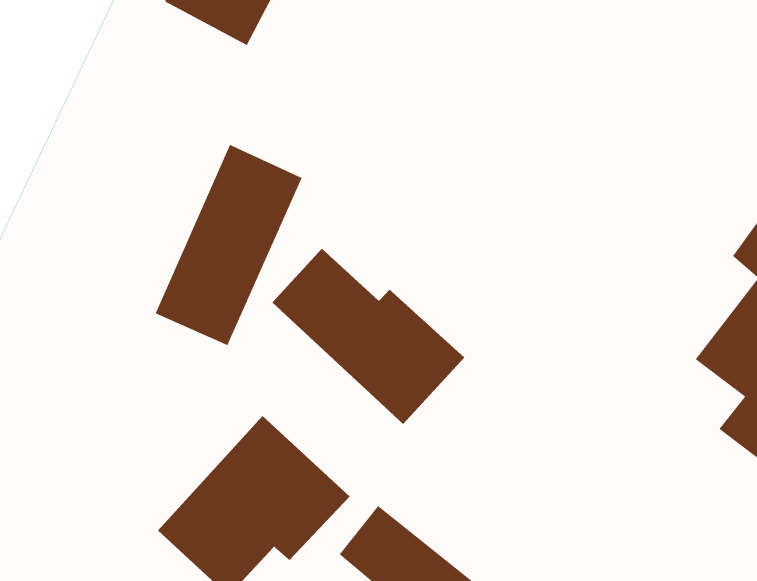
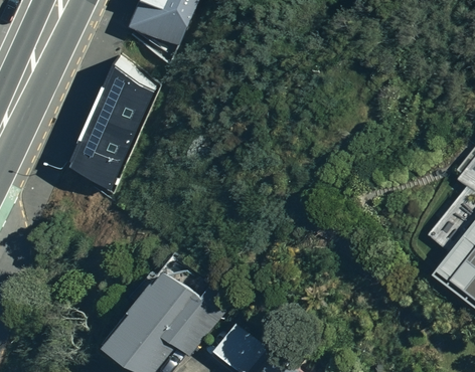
building: [155,144,302,346] -> [64,69,152,189]
building: [272,248,465,425] -> none

